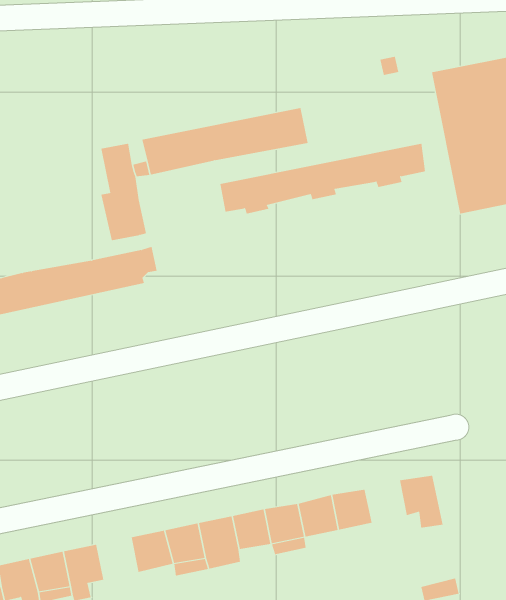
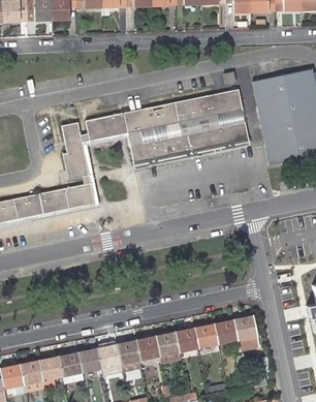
building: none -> [127,90,248,147]
building: none -> [215,319,239,344]
building: none -> [59,352,83,377]

